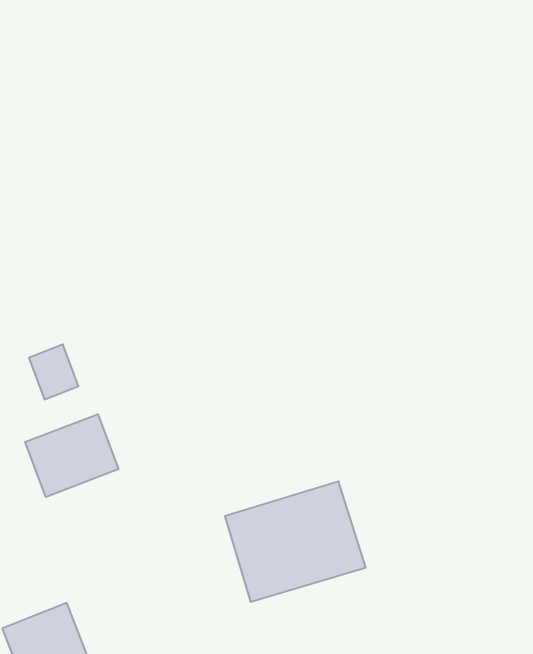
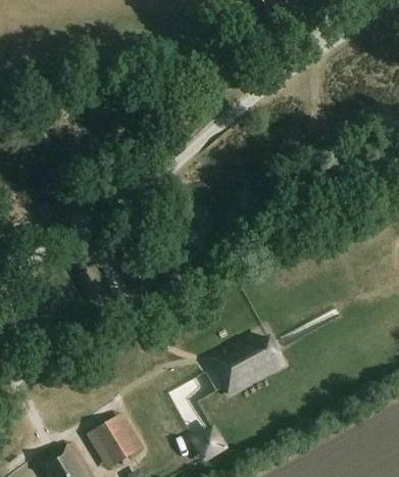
building: [25,414,118,497] -> none

